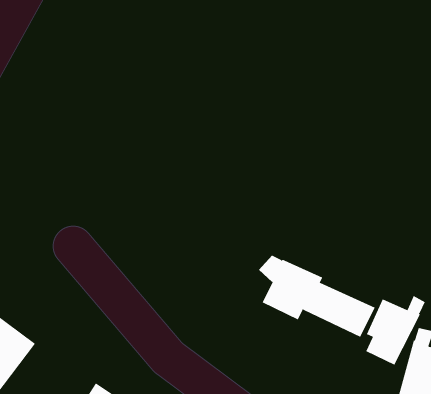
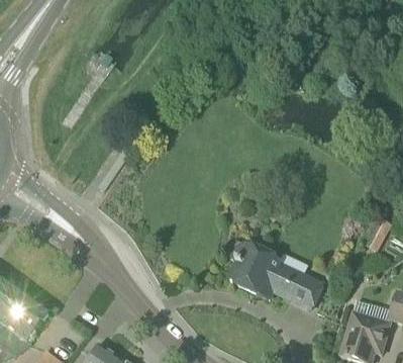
building: [366,295,425,366] -> none

